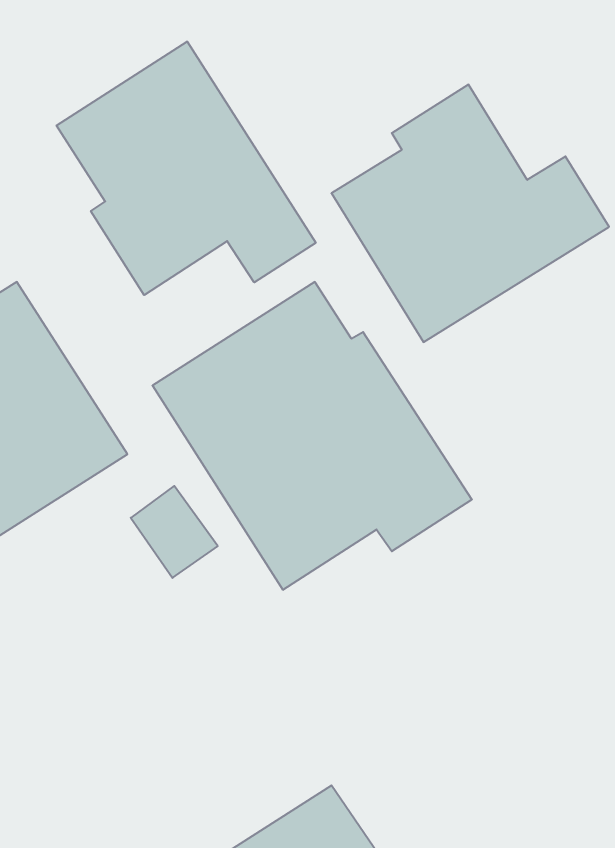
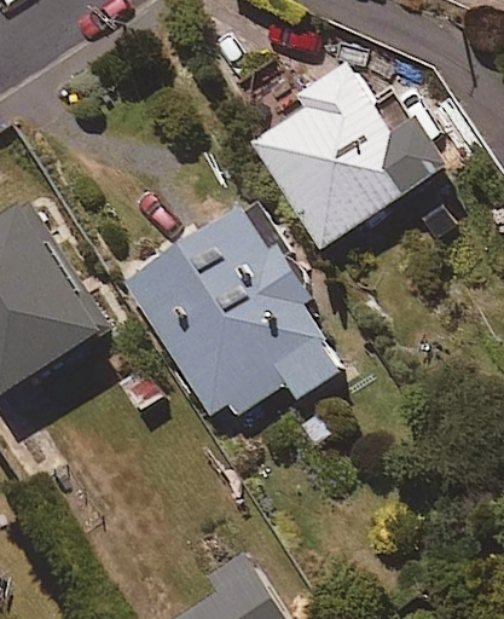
building: [57,41,316,295] -> none

